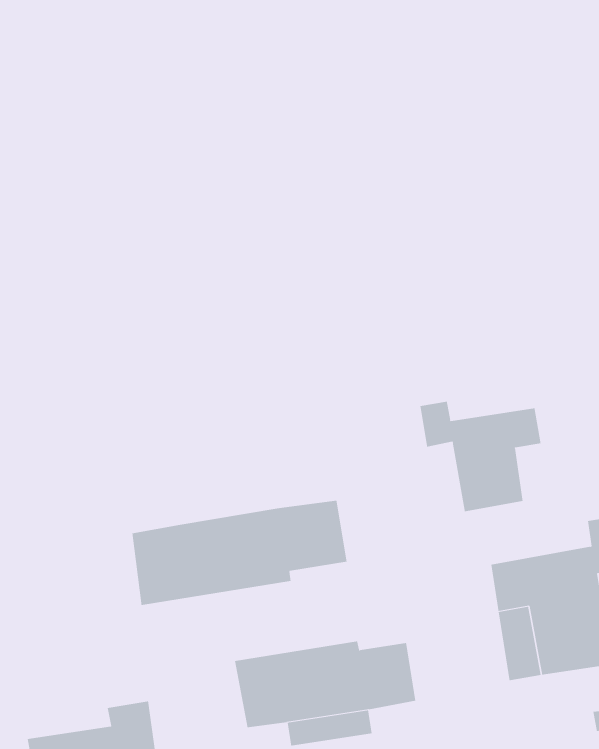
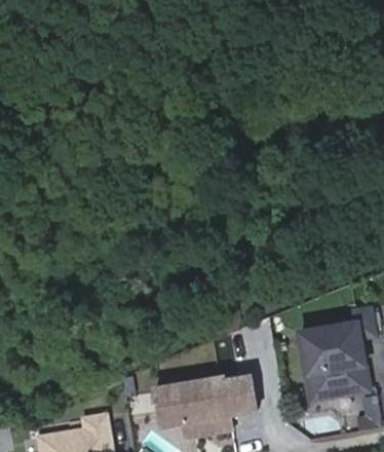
building: [420,401,541,512] -> none
building: [132,500,347,606] -> none

